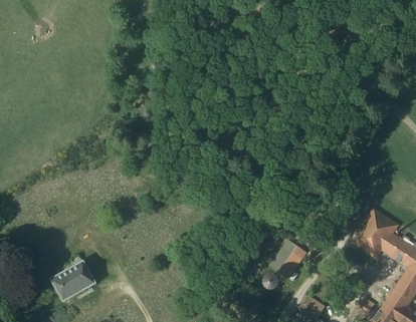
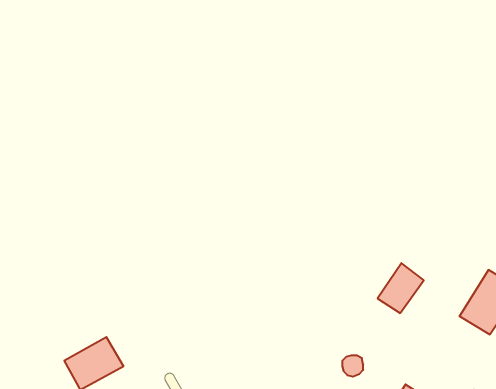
building: [270,240,305,278] -> [378,263,424,313]

